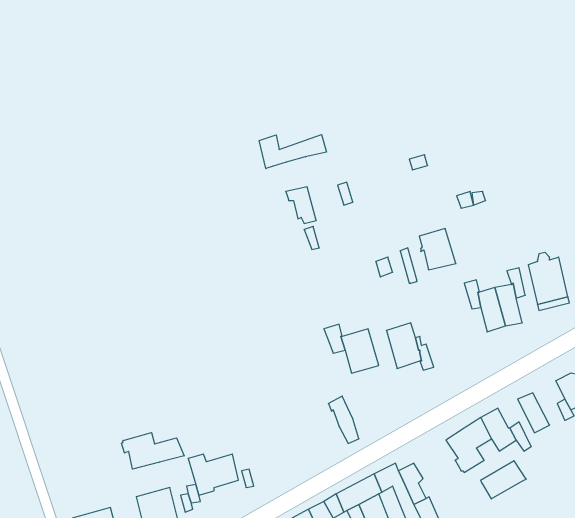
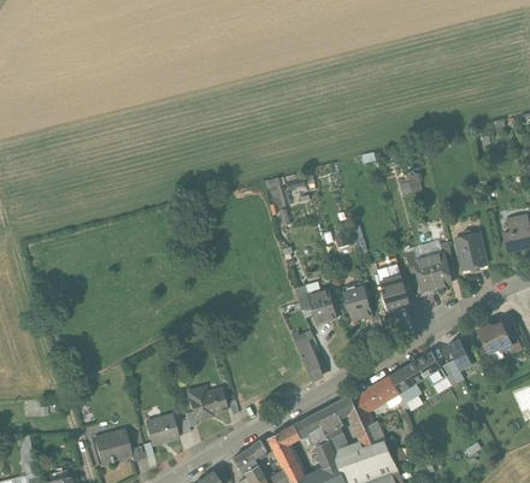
building: [259,135,326,169] -> none
building: [419,229,456,270] -> [381,276,410,308]
building: [121,433,184,469] -> none
building: [481,461,526,499] -> [364,377,400,407]

